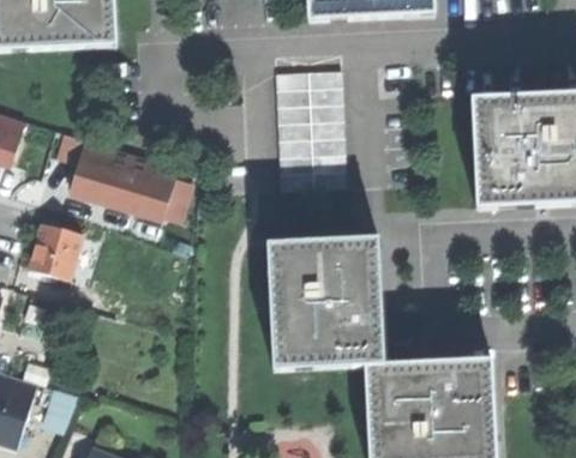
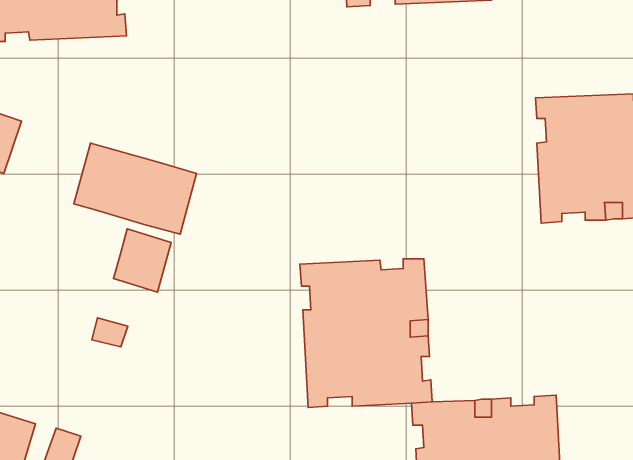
building: [275,70,347,189] -> none
building: [30,228,80,283] -> [113,229,171,292]

